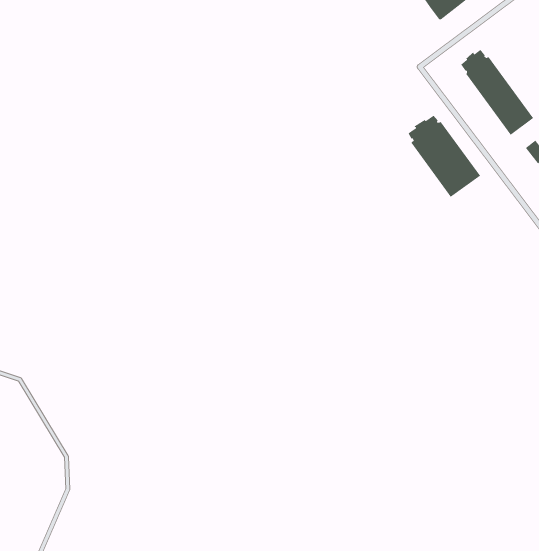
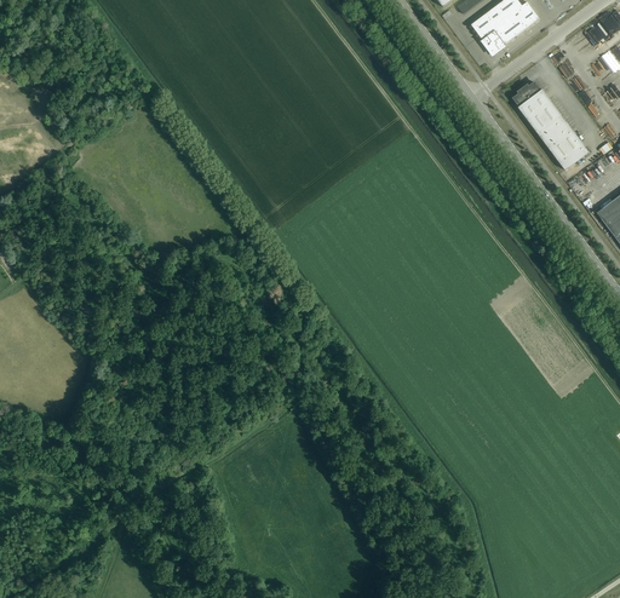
building: [407,115,481,198] -> none

